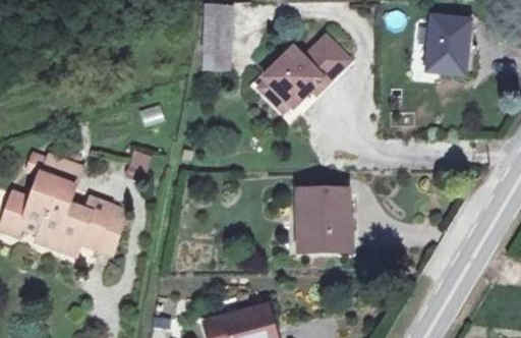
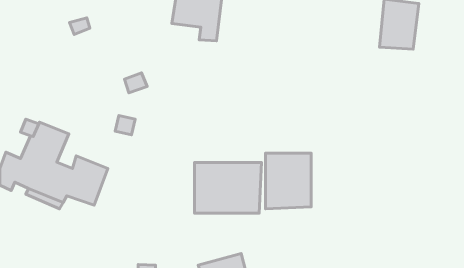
building: [262,34,351,104] -> none
building: none -> [195,162,262,213]

